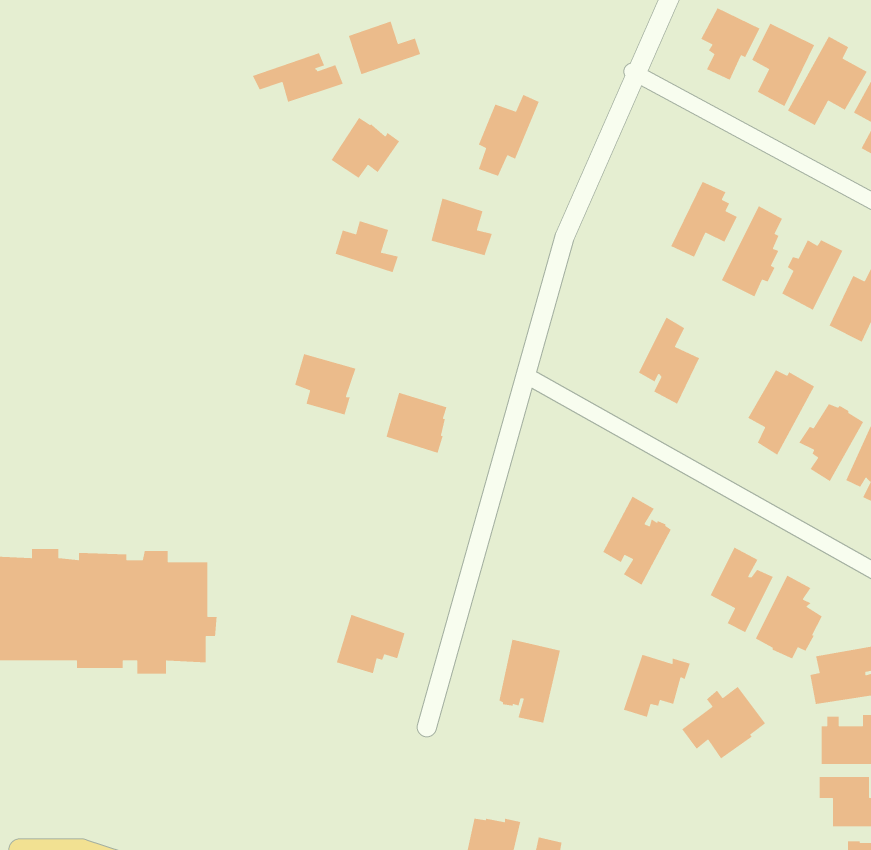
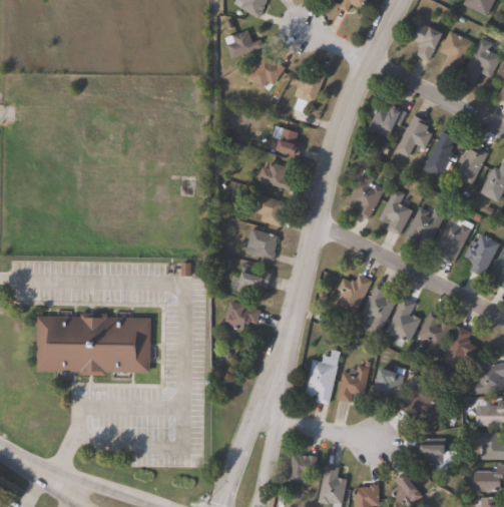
building: [252,52,344,103] -> none
building: [331,117,400,179] -> [247,55,285,88]
building: none -> [368,107,402,138]
building: [335,220,399,273] -> [258,161,292,189]
building: none -> [346,171,385,219]
building: none -> [404,206,445,243]
building: [294,353,356,415] -> [254,193,287,226]
building: none -> [236,265,271,297]
building: none -> [335,275,372,315]
building: none -> [385,297,421,347]
building: [336,614,405,674] -> [222,299,260,331]
building: none -> [337,361,370,402]
building: none -> [416,438,445,464]

